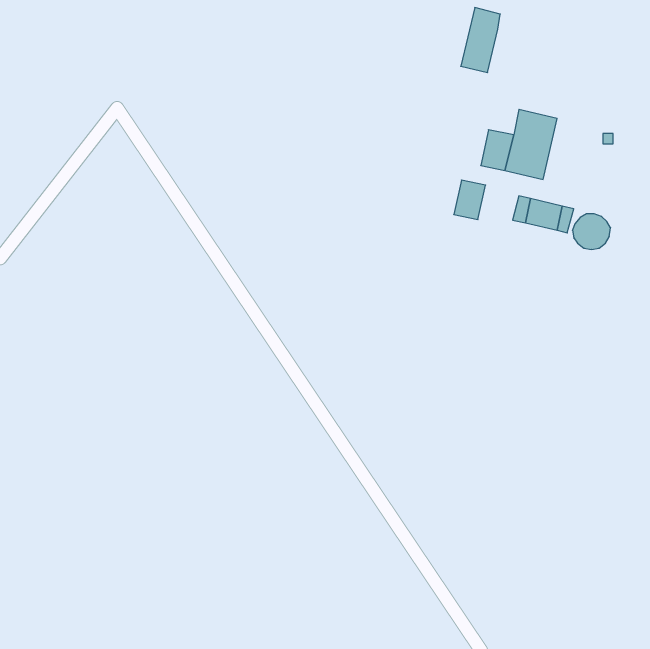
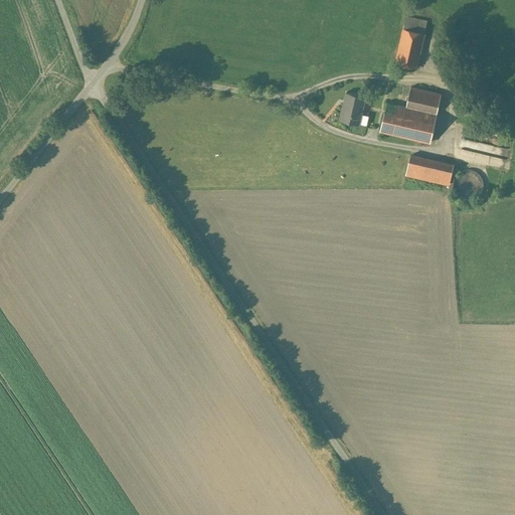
building: [461,8,500,73] -> [395,17,426,68]
building: [454,180,486,220] -> [340,94,365,125]

